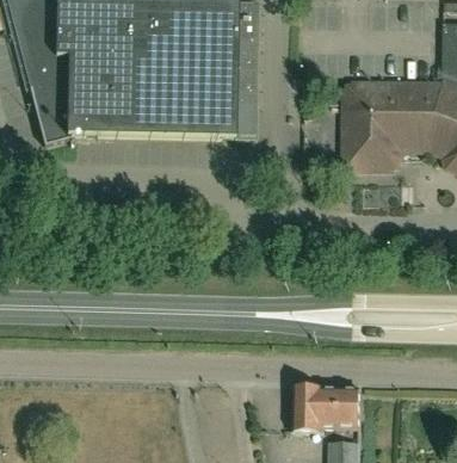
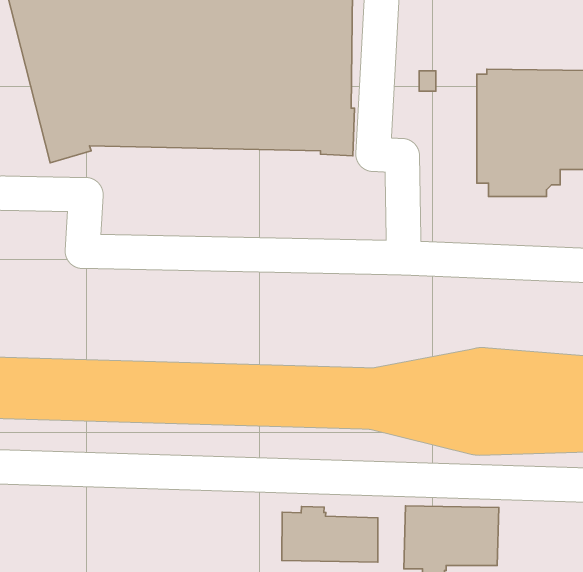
building: none -> [282,506,378,562]

